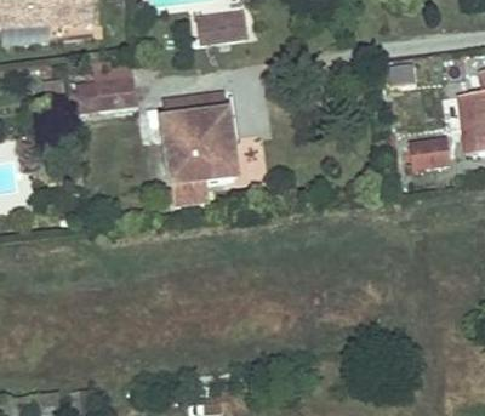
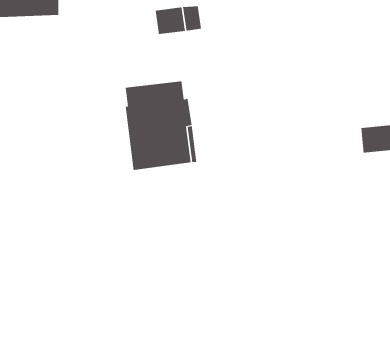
building: [85,76,135,108] -> none

